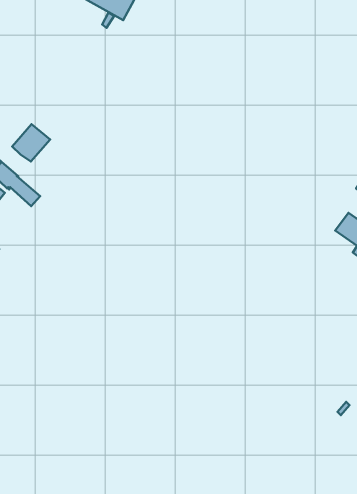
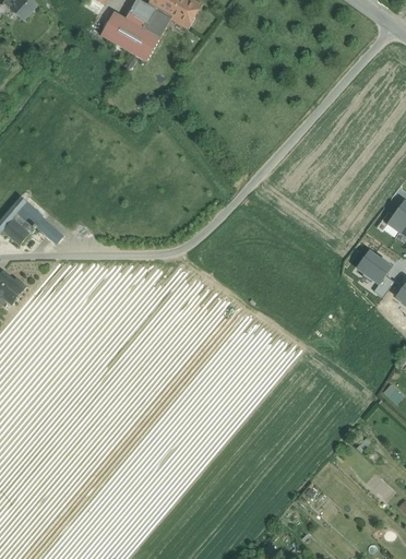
building: [12,124,50,162] -> none

